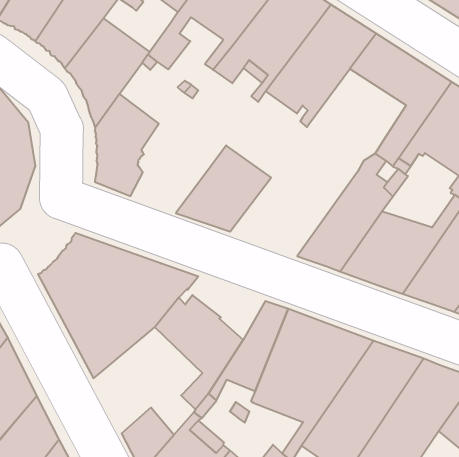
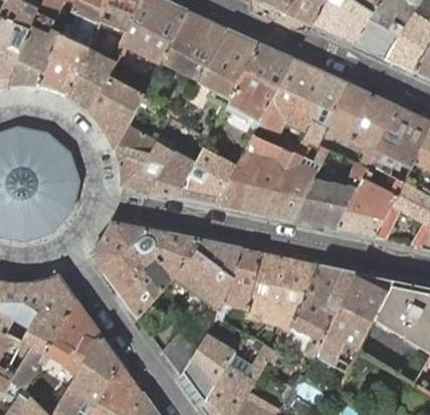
building: none -> [257,85,320,137]
building: none -> [145,141,196,199]
building: none -> [215,136,294,216]
building: none -> [187,239,245,277]

